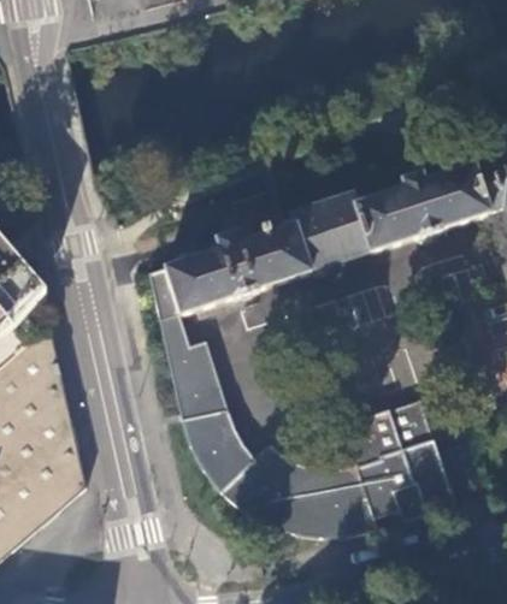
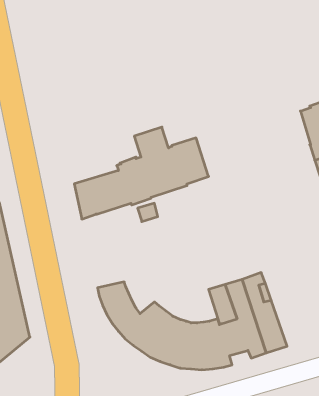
building: [325,164,490,257] -> none
building: [160,312,222,418] -> none

